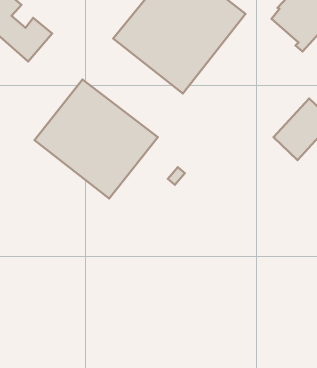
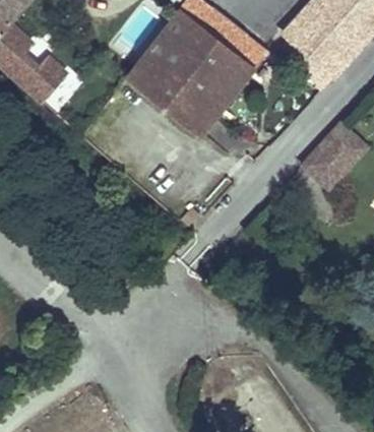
building: [35,80,158,199] -> none

